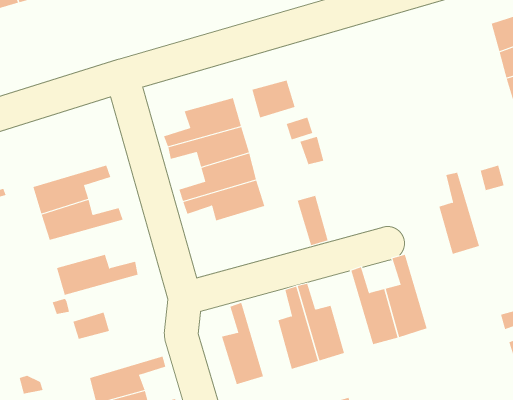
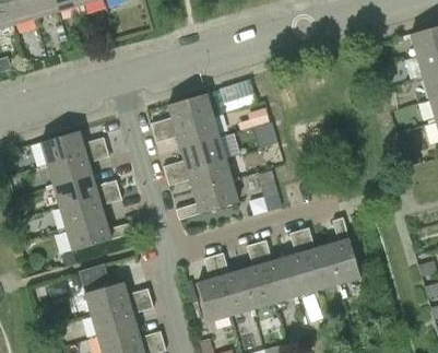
building: none -> [40,130,106,164]
building: [439,172,480,254] -> [284,231,317,296]
building: none -> [176,179,238,220]
building: none -> [60,190,121,228]
building: none -> [213,252,252,315]
building: none -> [85,282,151,316]

